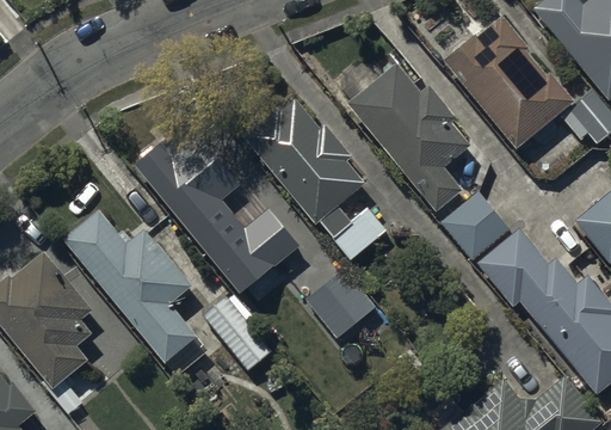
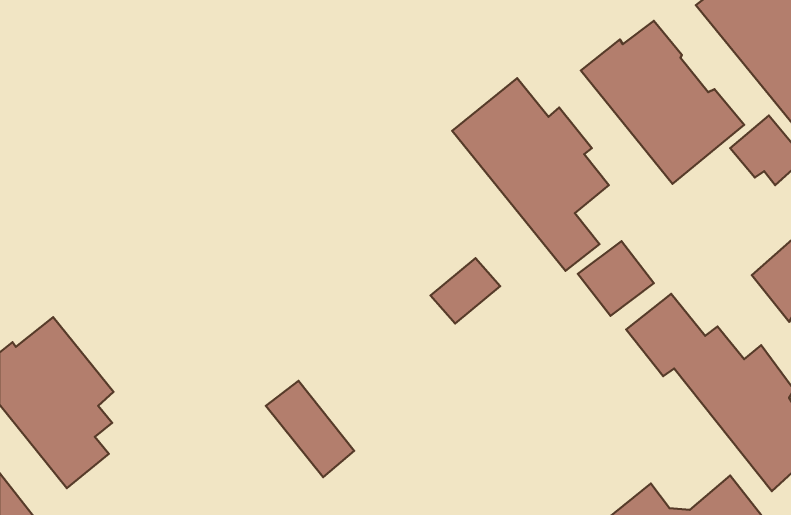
building: [246,103,365,226] -> none
building: [154,142,282,277] -> none
building: [66,215,197,367] -> none
building: [306,274,375,344] -> none

